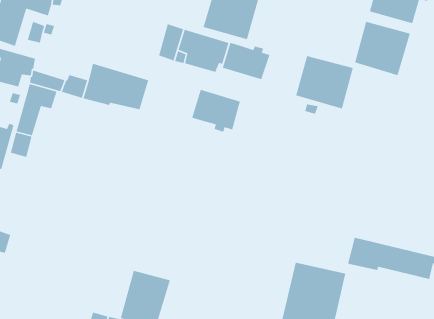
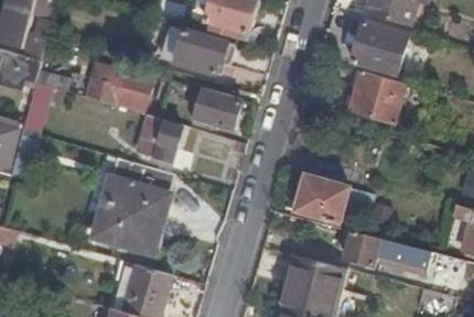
building: [222,42,271,80] -> none
building: [295,55,354,109] -> [347,73,405,125]
building: none -> [136,118,180,162]
building: none -> [95,157,173,250]
building: none -> [294,177,346,223]

